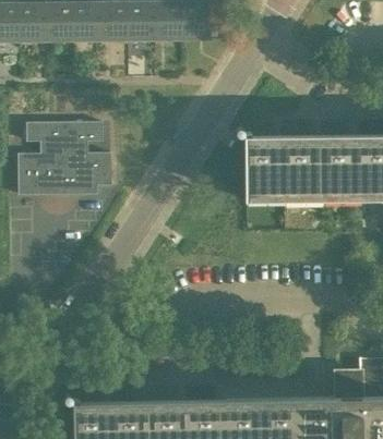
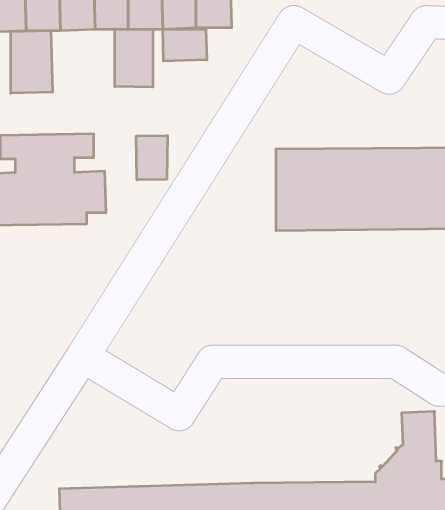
building: none -> [115,29,153,87]
building: none -> [163,29,207,61]
building: none -> [11,30,53,93]
building: none -> [136,135,167,180]

